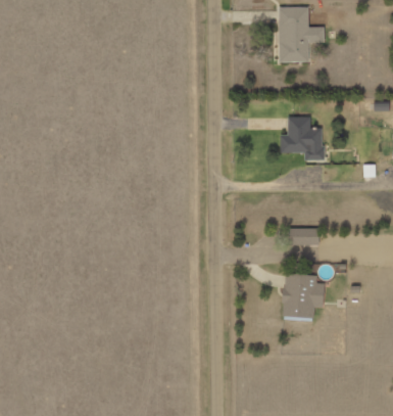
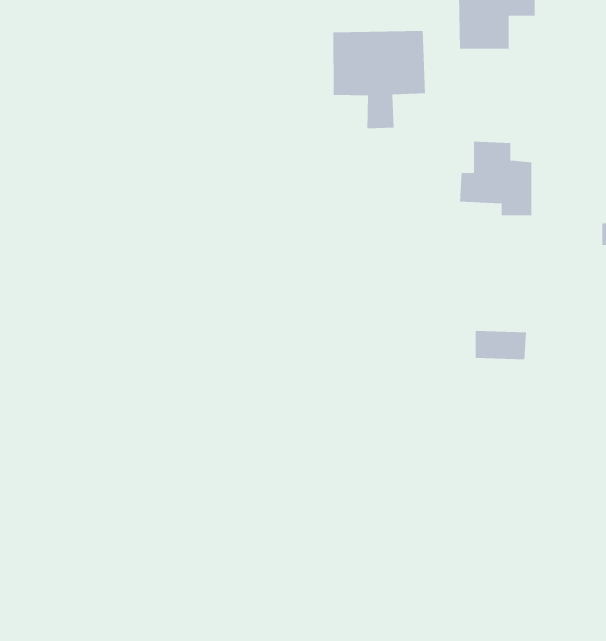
building: none -> [333,30,425,129]
building: [283,274,324,318] -> none

